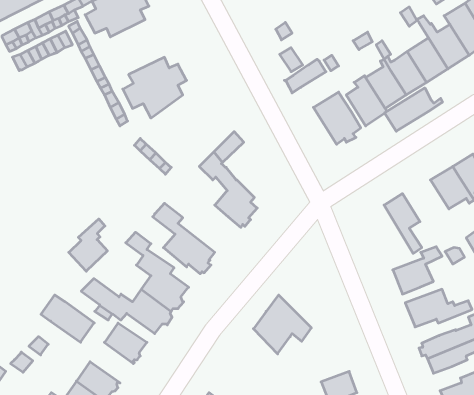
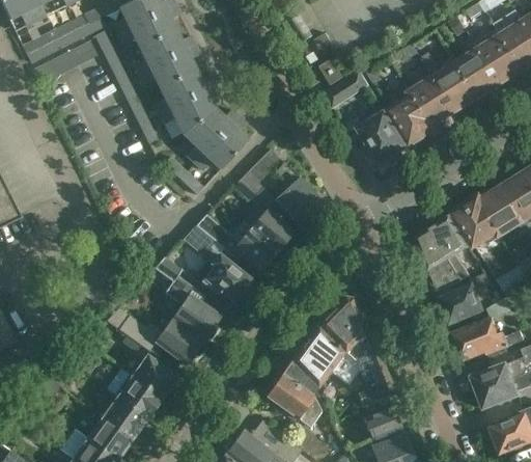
building: none -> [131,28,200,87]
building: [385,88,442,131] -> none
building: none -> [181,109,248,170]
building: none -> [274,161,323,226]
building: none -> [455,197,503,243]
building: none -> [197,213,278,272]
building: none -> [414,227,463,294]
building: [69,219,107,271] -> none
building: none -> [318,296,390,406]
building: [41,295,94,342] -> [106,368,163,418]
building: none -> [266,360,322,427]

